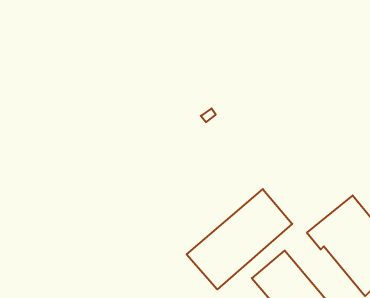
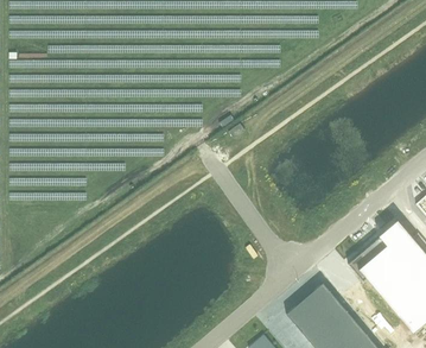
building: [187,189,292,289] -> none

